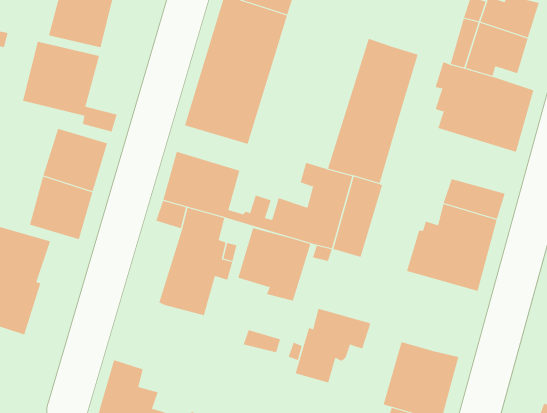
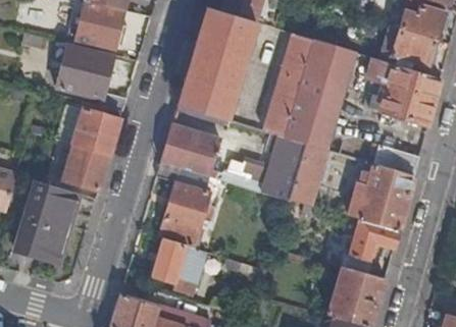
building: none -> [263,34,316,139]
building: [238,227,311,301] -> [152,240,207,295]
building: [295,308,371,383] -> [342,219,399,275]

